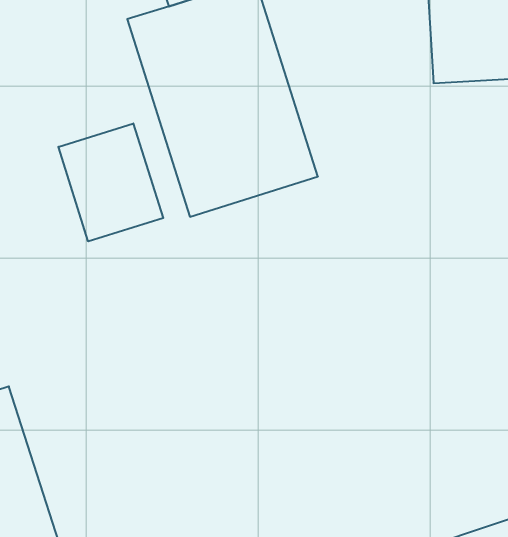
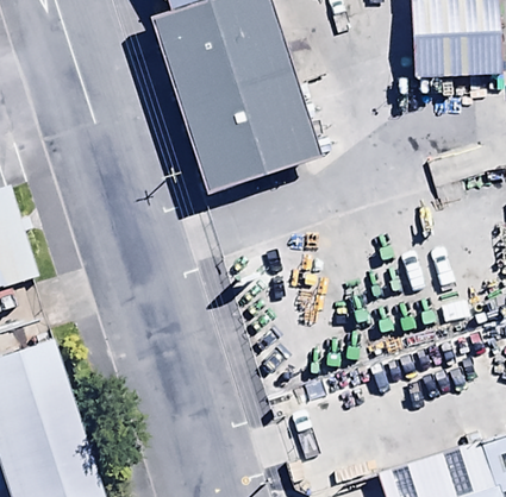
building: [58,123,163,241] -> none

